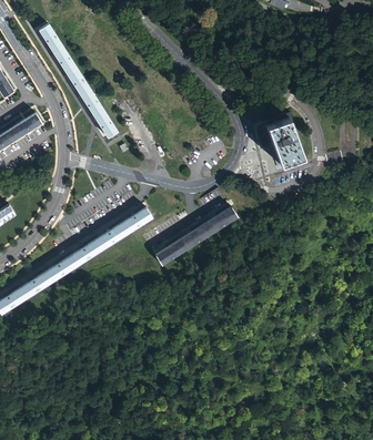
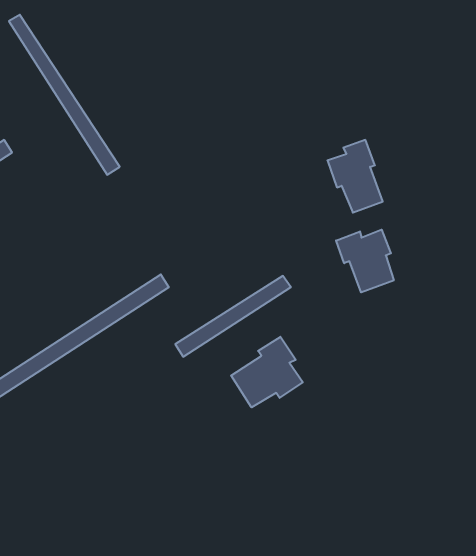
building: none -> [336,230,394,292]
building: none -> [231,337,303,407]

